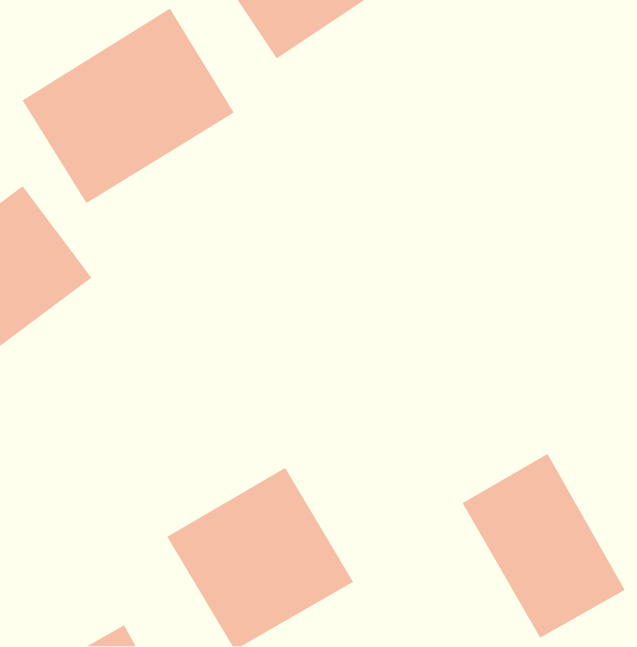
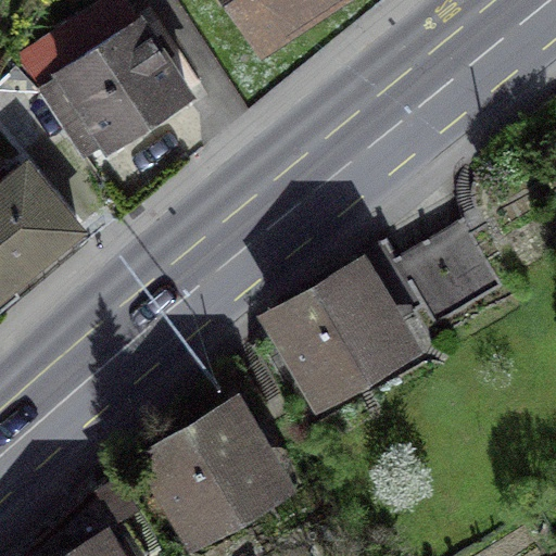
building: none -> [271,219,495,384]
building: [461,453,626,639] -> none

